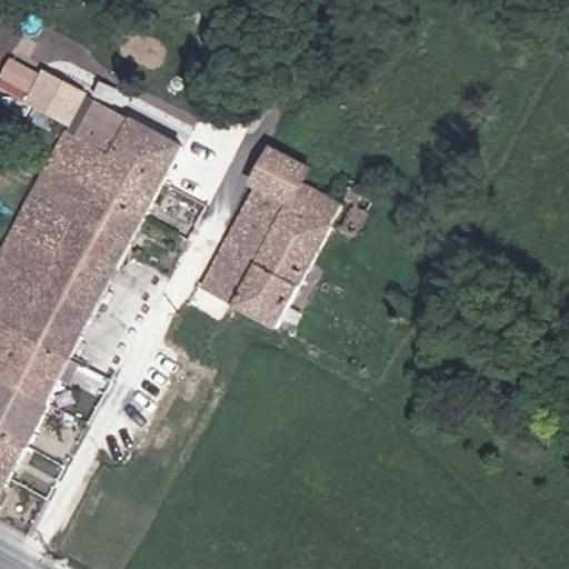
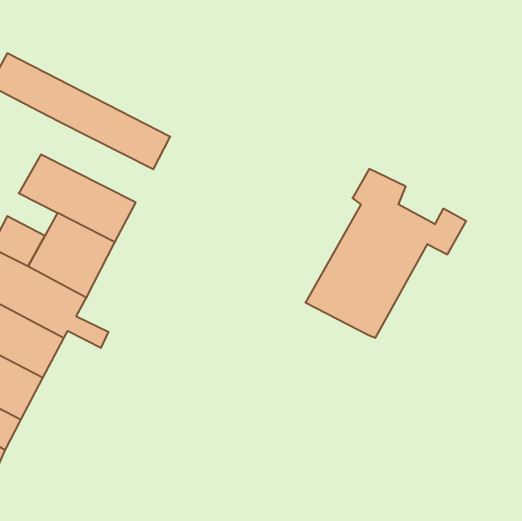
building: [43,129,163,216] -> none
building: [198,143,369,323] -> [305,169,466,338]
building: [8,206,61,251] -> none

